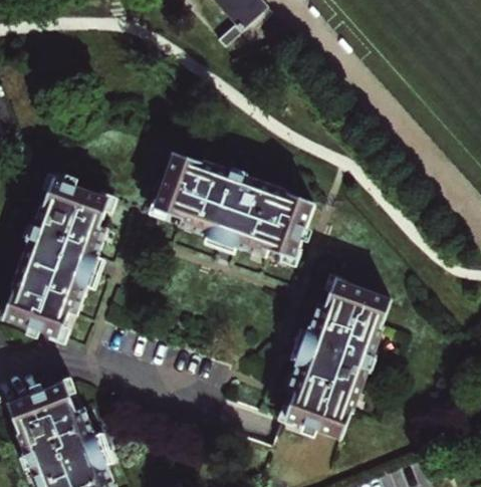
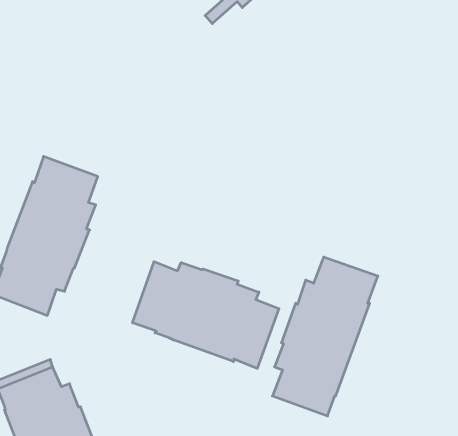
building: [156,153,315,257] -> none
building: none -> [133,262,279,368]

